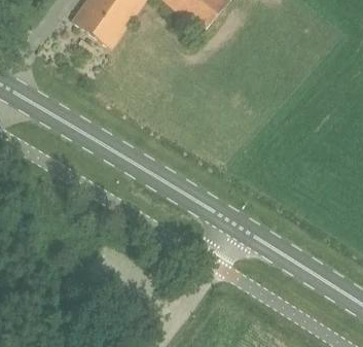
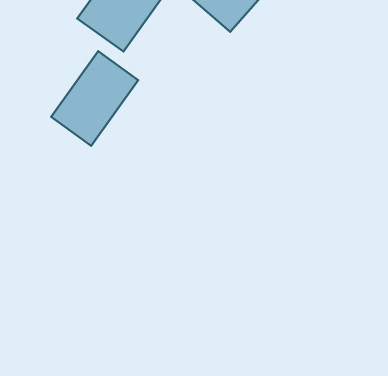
building: none -> [51,51,138,146]

